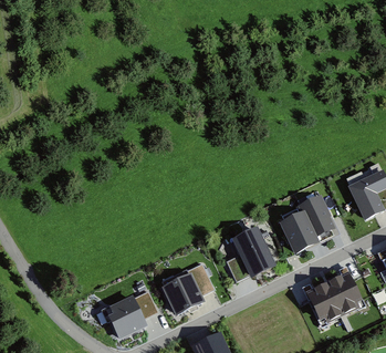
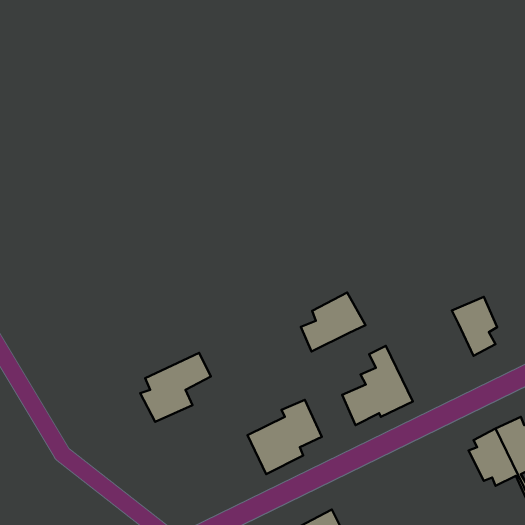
building: none -> [301,292,365,351]
building: [282,214,315,250] -> none
building: [108,289,155,334] -> [140,353,211,422]

